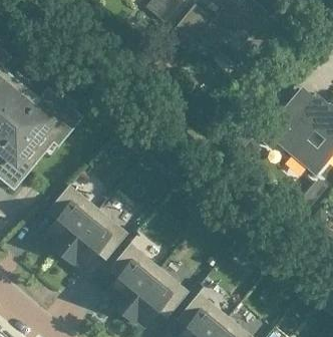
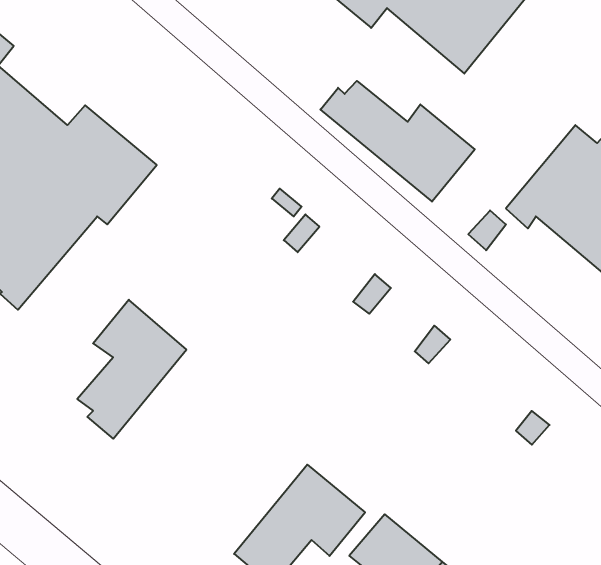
building: none -> [320,81,475,202]
building: [61,210,127,268] -> none
building: [104,244,159,313] -> none

